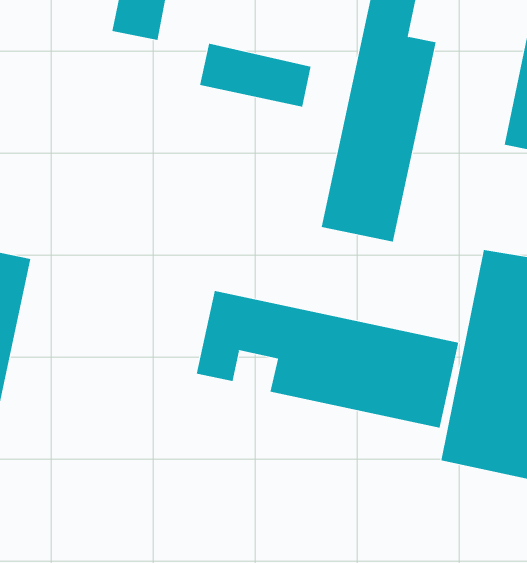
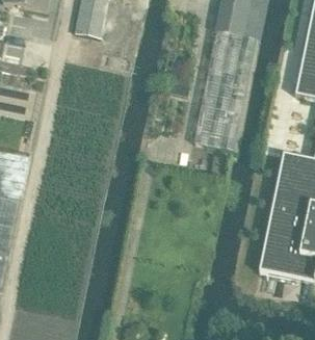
building: [200,43,311,107] -> none
building: [196,290,459,428] -> none

